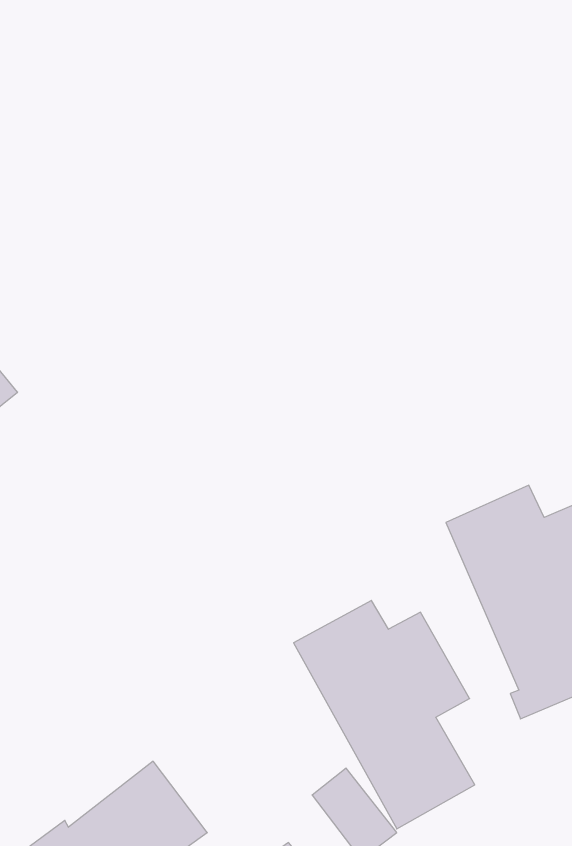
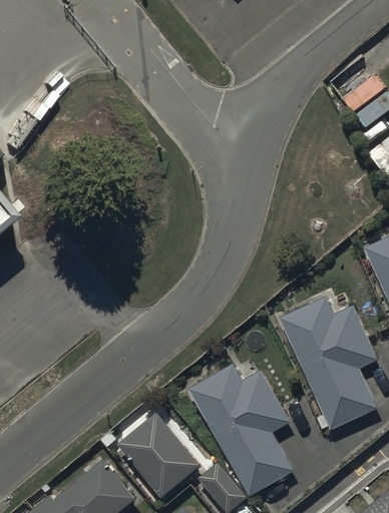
building: none -> [116,412,200,498]

